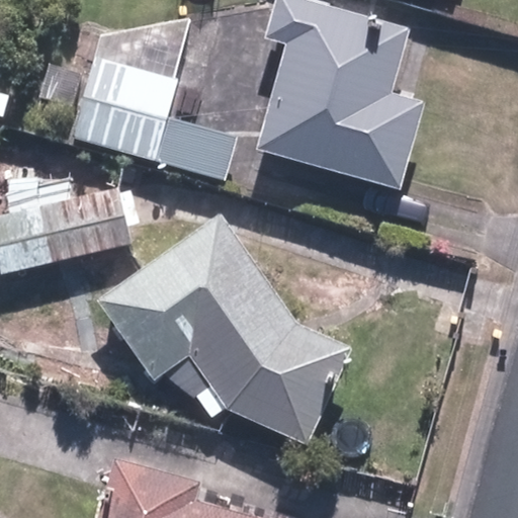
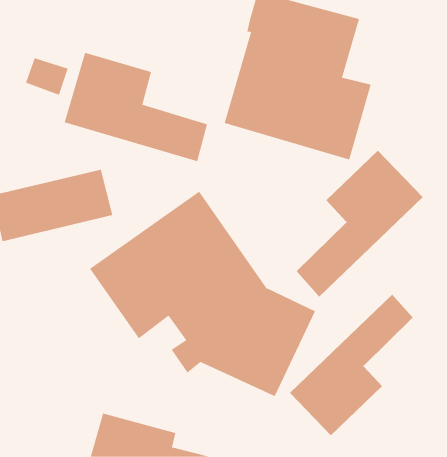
building: none -> [296,150,423,297]
building: none -> [289,294,414,436]

